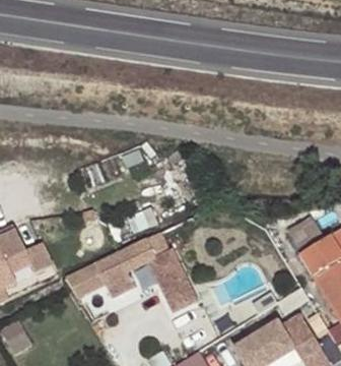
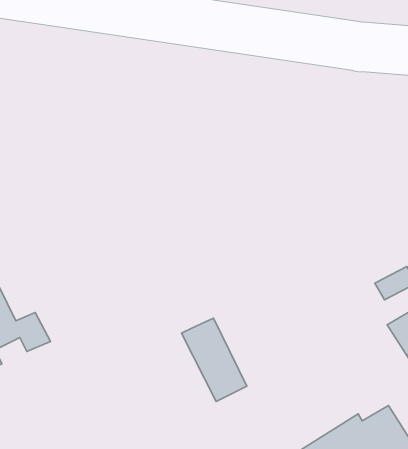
building: [68,238,156,297] -> none

